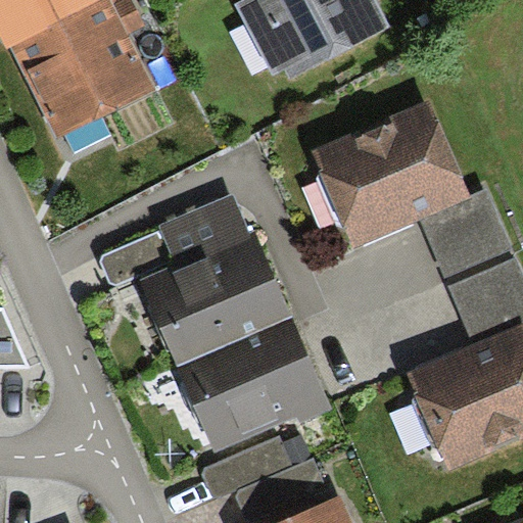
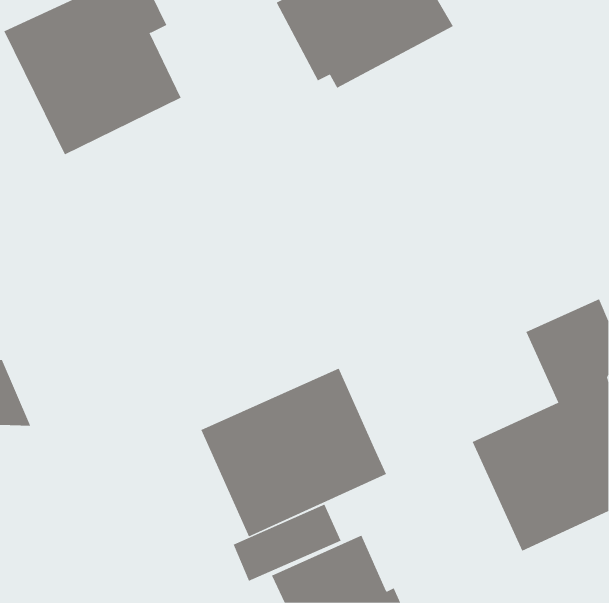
building: [312,106,512,276] -> none
building: [133,191,290,368] -> none

